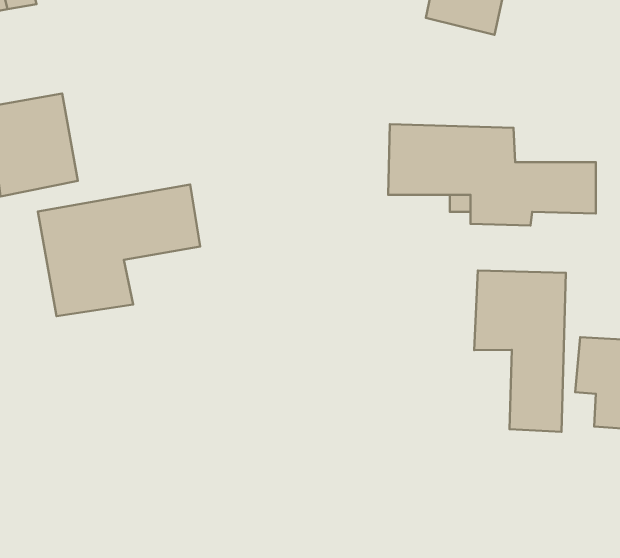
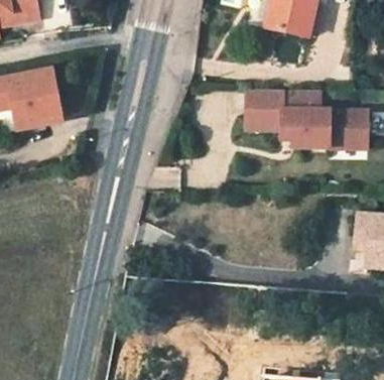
building: [38,184,200,316] -> none
building: [474,271,566,432] -> none

